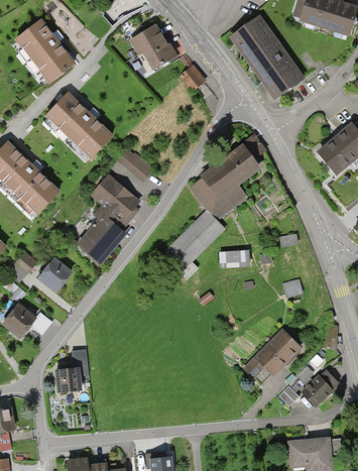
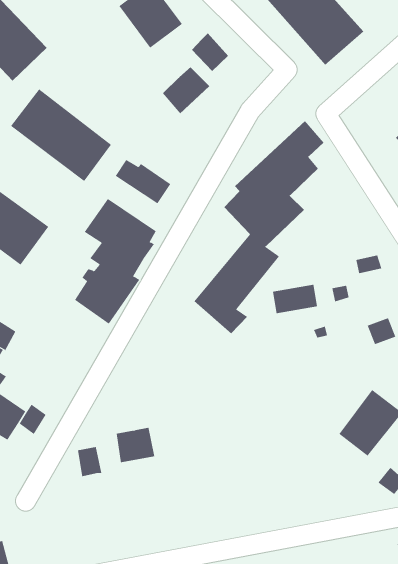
building: none -> [162,67,210,114]
building: [33,256,69,292] -> none
building: [55,368,82,391] -> [116,427,155,463]

